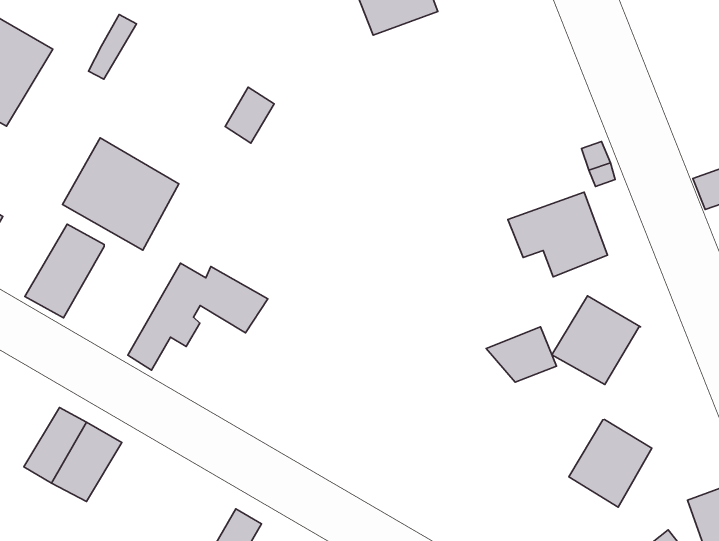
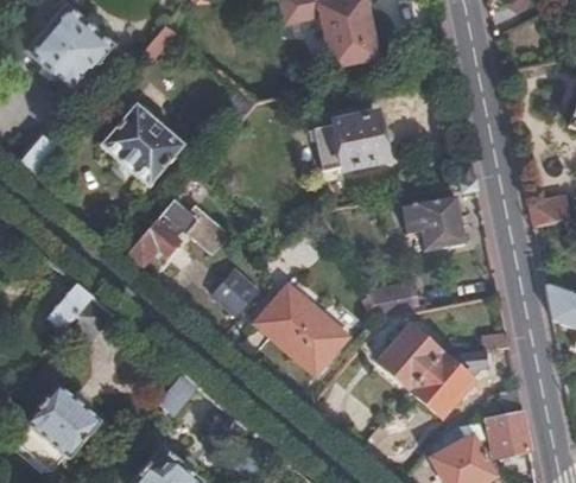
building: none -> [316,114,387,173]
building: [25,224,104,318] -> none
building: [552,296,640,384] -> [379,328,442,389]
building: none -> [208,265,255,312]
building: none -> [257,286,353,375]

